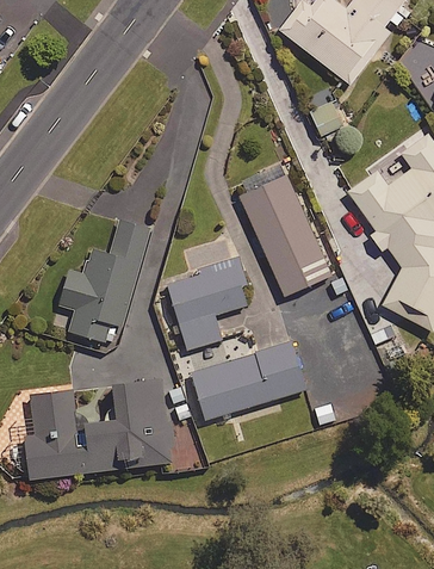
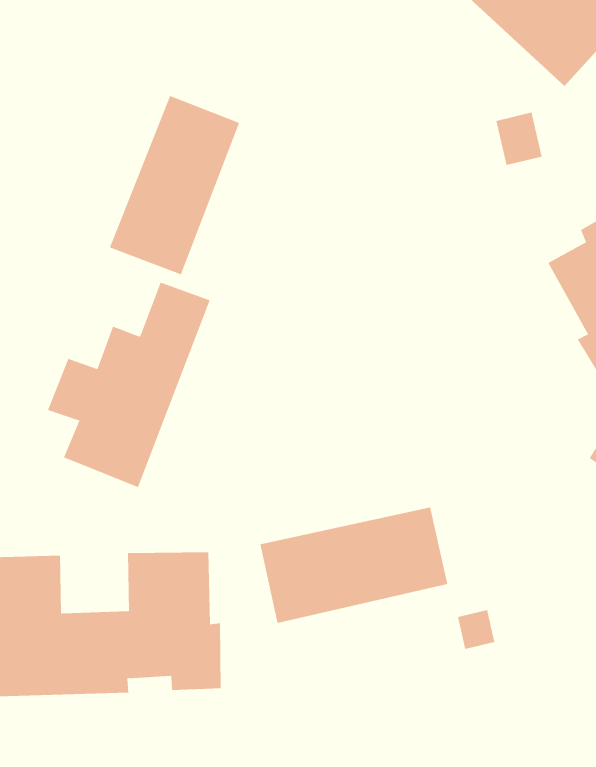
building: none -> [109,95,240,275]
building: [238,175,330,296] -> none
building: [165,259,247,350] -> none

